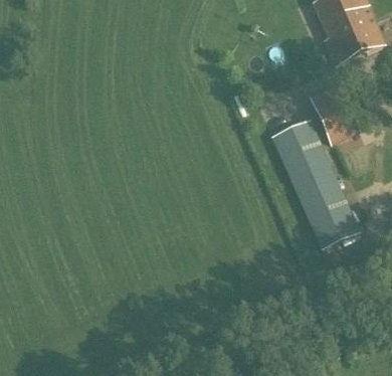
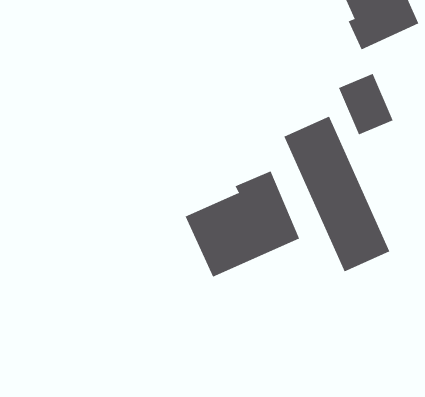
building: none -> [185,170,300,278]

